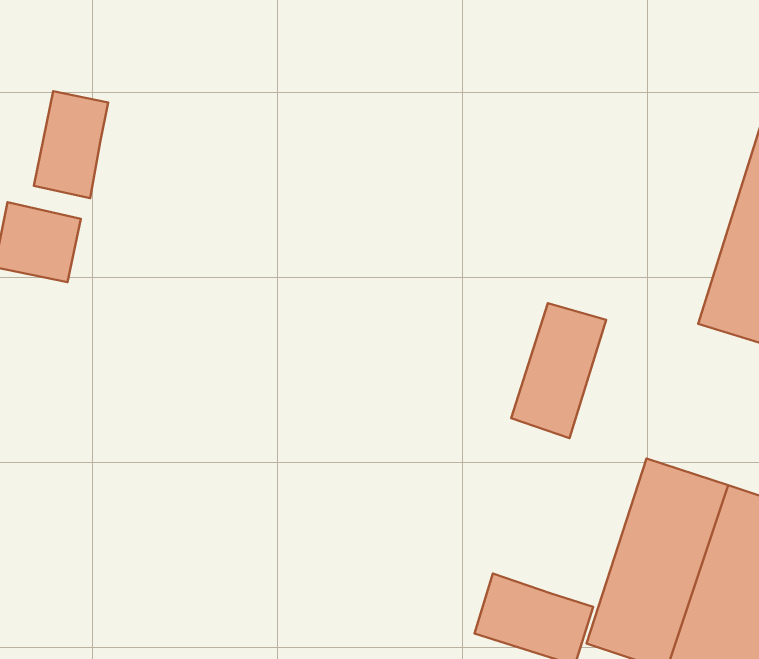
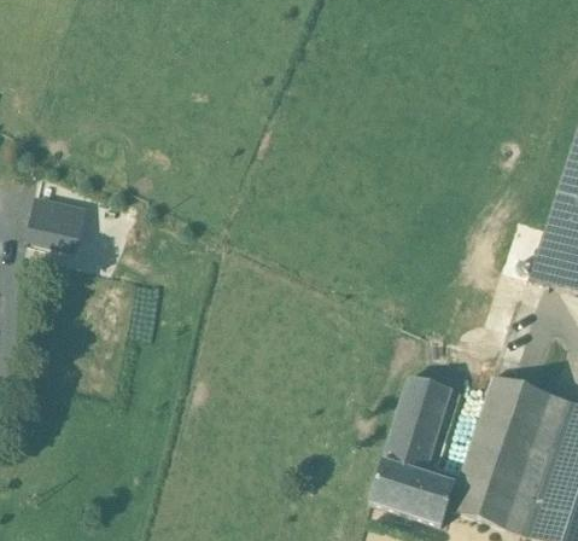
building: [34,91,108,198] -> none
building: [511,303,606,438] -> [384,374,453,472]

